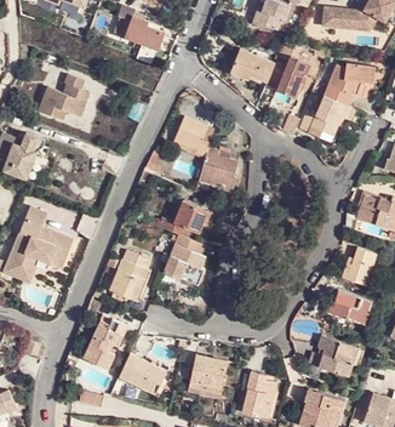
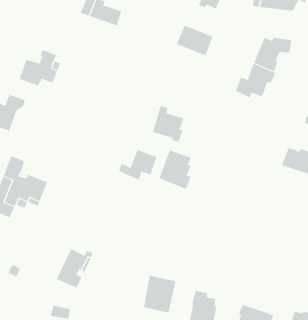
building: [265,55,309,98] -> none
building: [176,118,214,158] -> none
building: [165,234,205,283] -> [158,150,191,190]
building: [344,246,378,285] -> none
building: [110,250,149,298] -> none
building: [327,287,372,323] -> none
building: [310,335,360,375] -> none
building: [120,354,166,392] -> none

